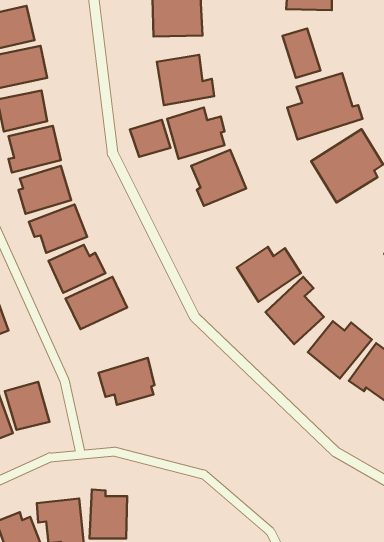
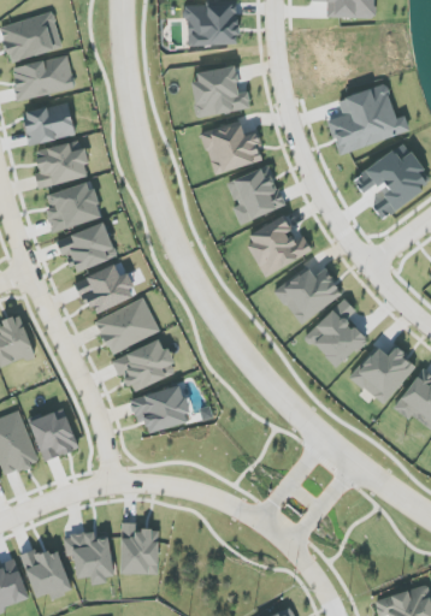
building: [283,28,321,78] -> none
building: [130,120,171,157] -> none
building: none -> [244,215,312,276]
building: none -> [110,340,177,392]

